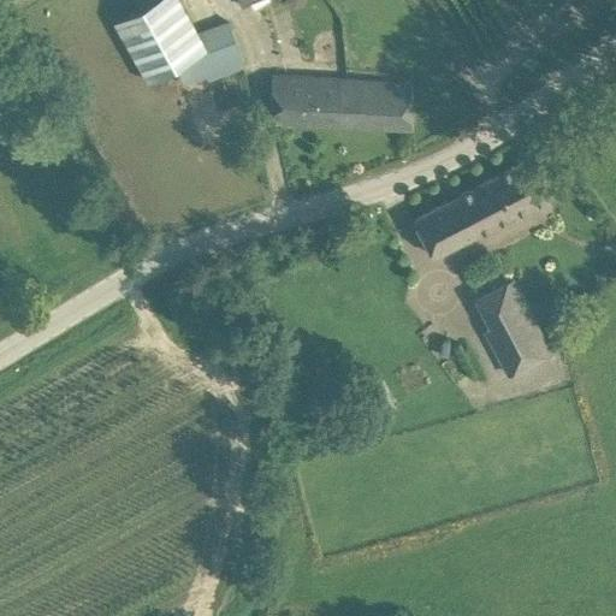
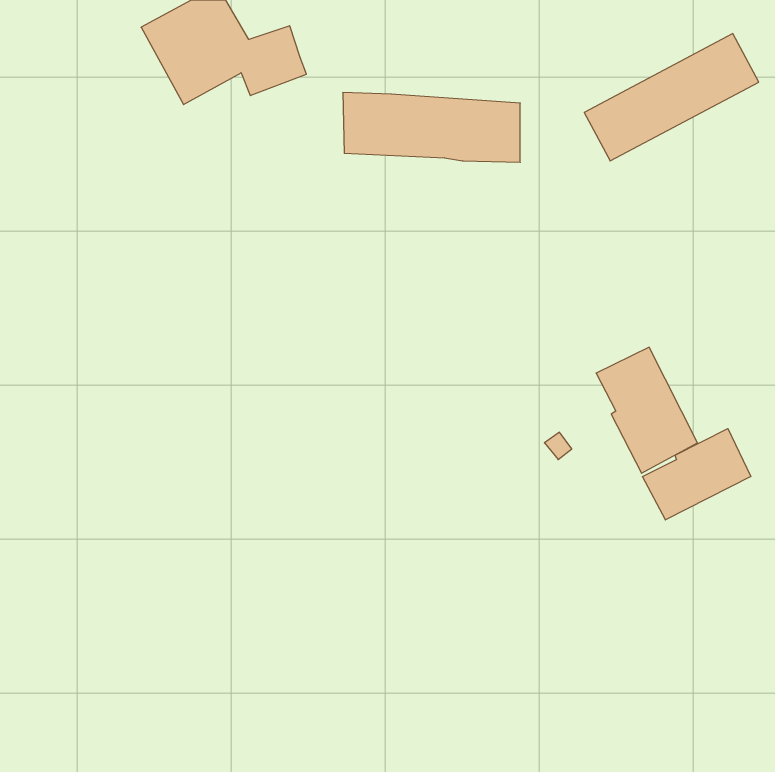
building: [415,156,553,257] -> [584,34,759,161]
building: none -> [642,429,751,520]

